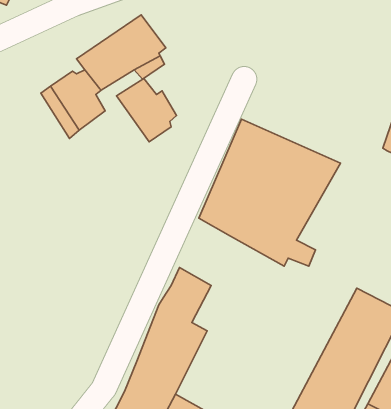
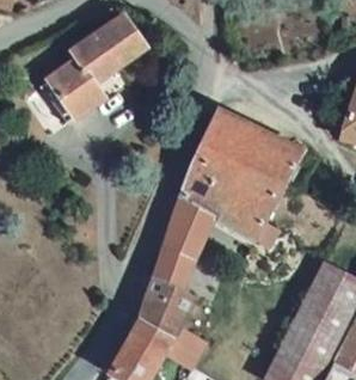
building: [116,78,177,142] -> none
building: none -> [165,197,209,256]

